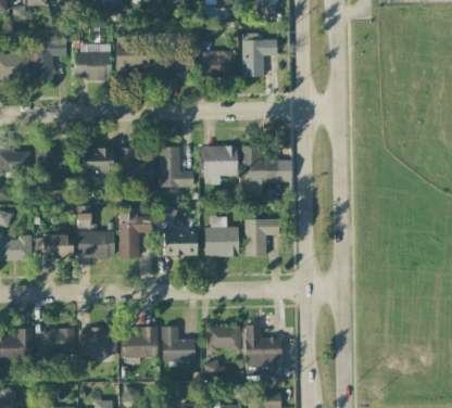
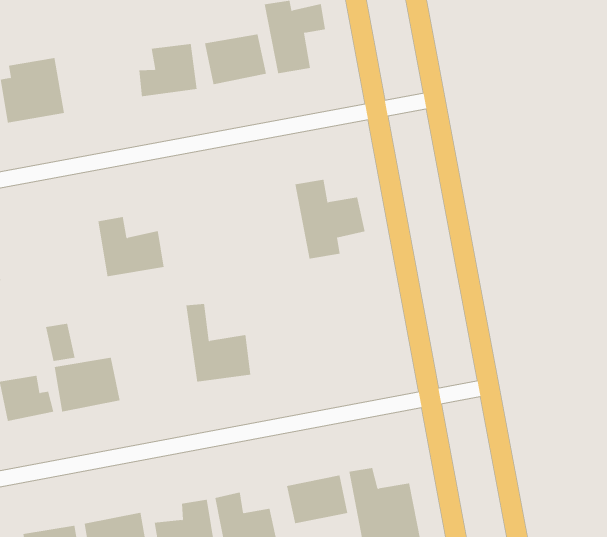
building: [115,40,149,78] -> none
building: [202,144,237,183] -> none
building: [158,145,192,187] -> none
building: [81,146,112,173] -> none
building: [117,207,151,257] -> none
building: [203,216,238,255] -> none
building: [243,217,278,255] -> none

